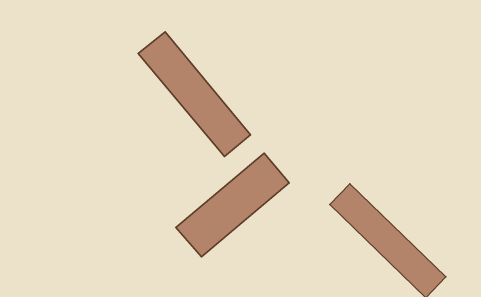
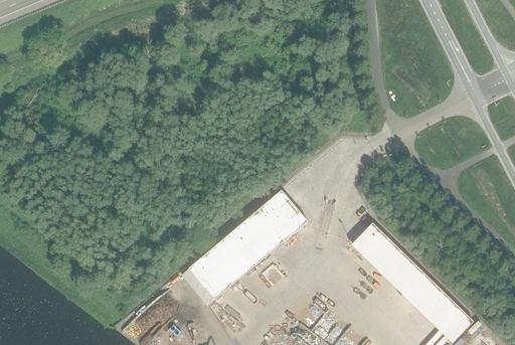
building: [138,32,251,157] -> none

